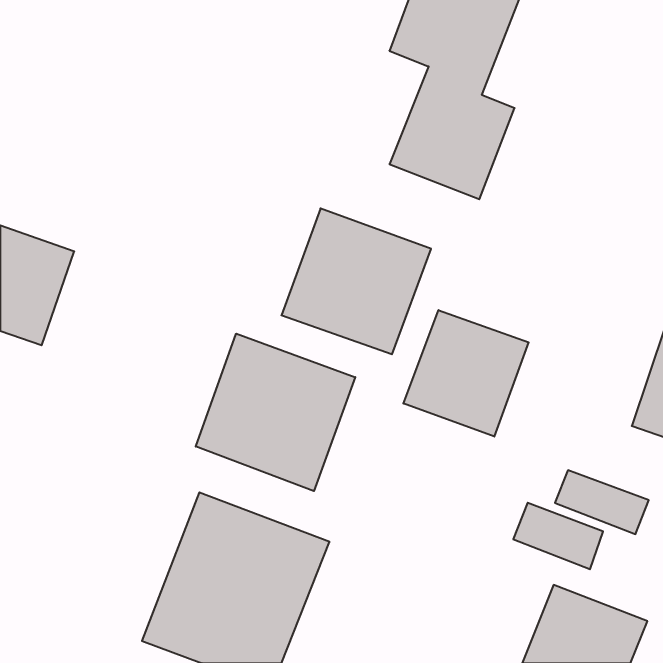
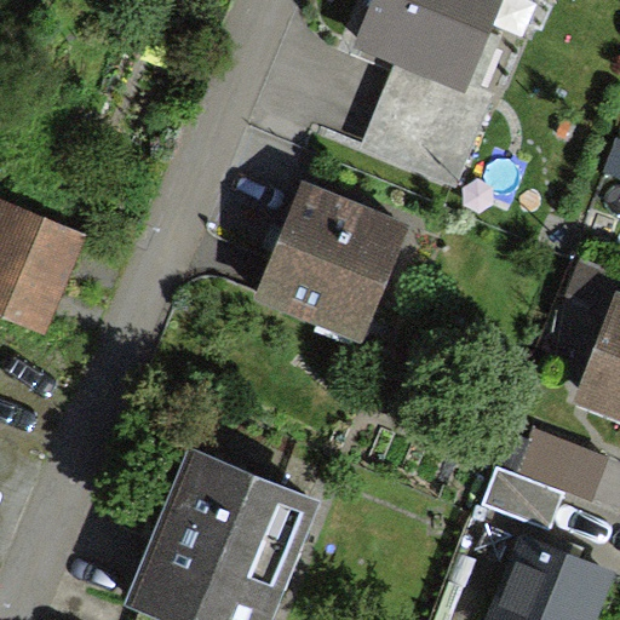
building: [403,310,529,437] -> none
building: [196,334,355,491] -> none

